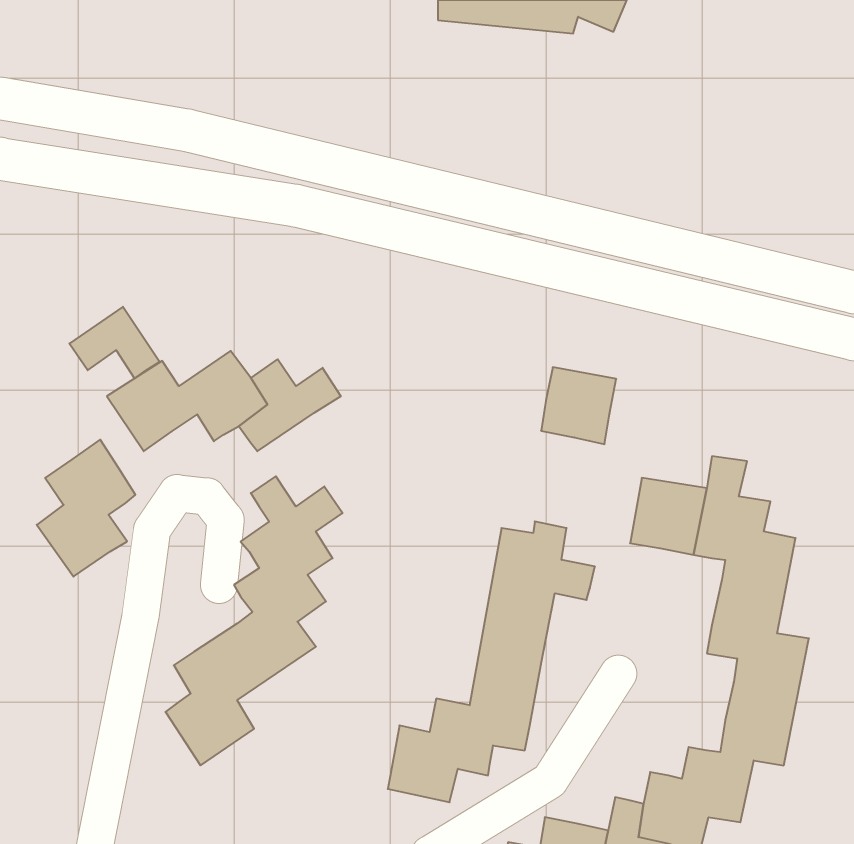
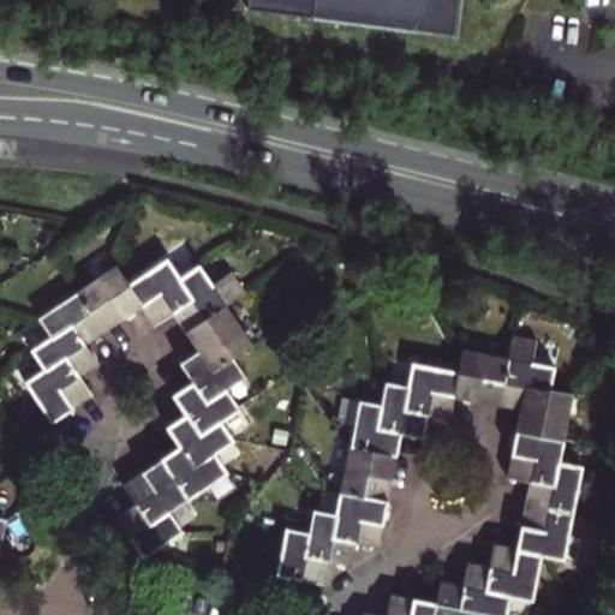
building: [69,307,160,379] -> [38,292,103,344]
building: [541,367,616,444] -> [404,364,458,419]
building: none -> [185,304,252,371]

